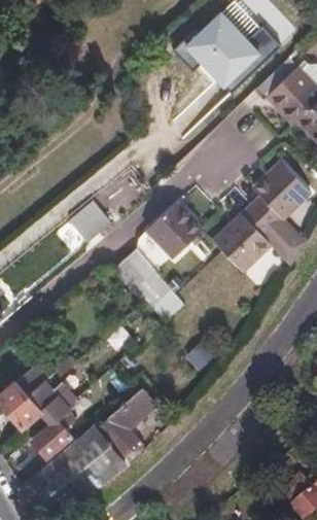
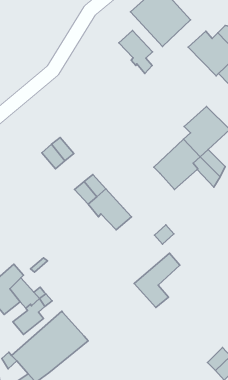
building: none -> [119,30,152,73]
building: [146,203,203,257] -> none
building: [97,388,155,458] -> [134,253,180,307]

